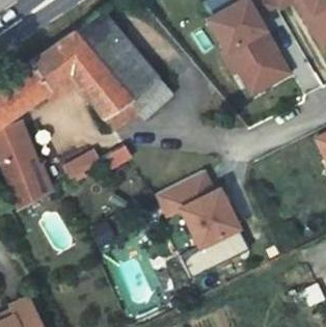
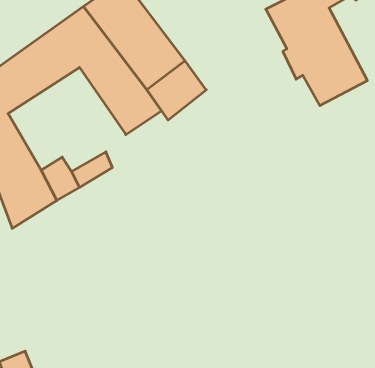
building: [158,179,237,253] -> none

